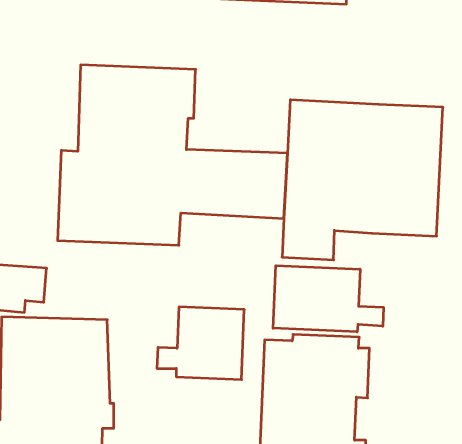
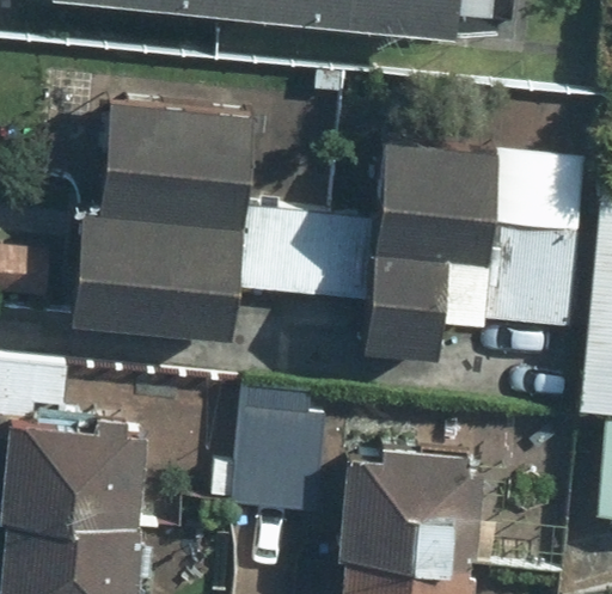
building: [273,266,383,332] -> none

